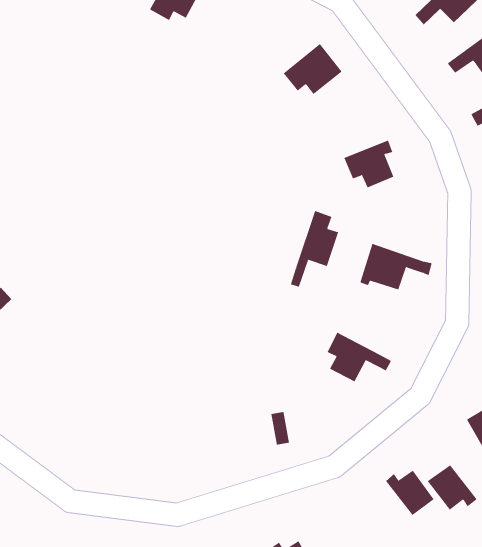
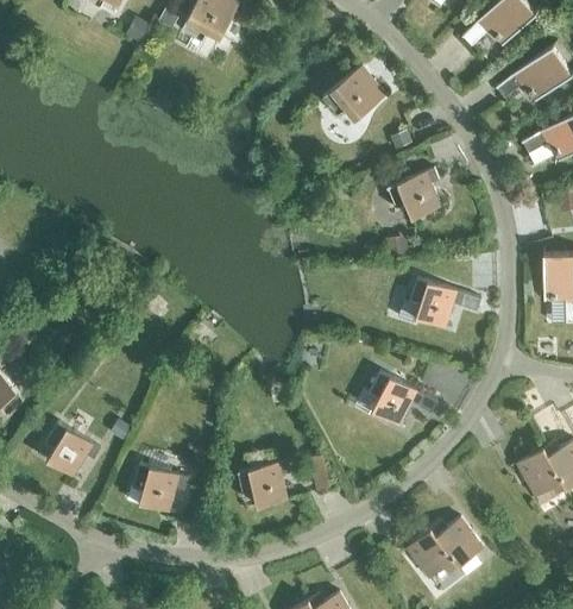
building: [290,210,339,287] -> none
building: none -> [44,422,100,477]
building: none -> [237,460,289,507]
building: none -> [132,463,187,511]
building: [427,464,477,510] -> [405,529,459,578]

